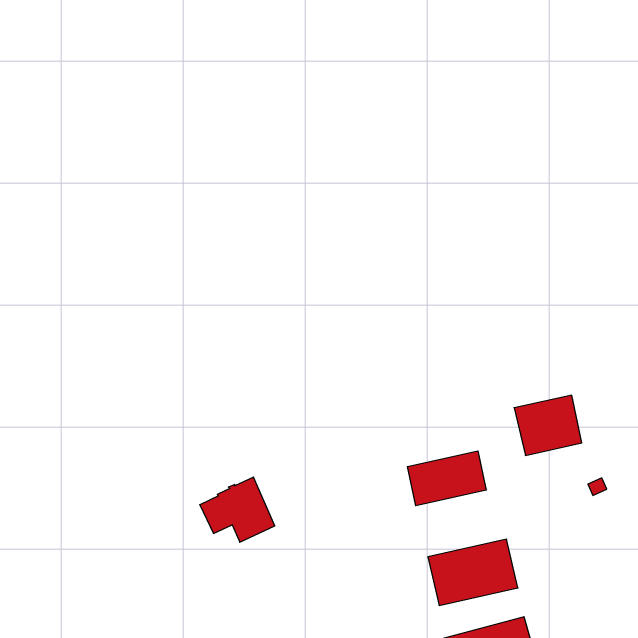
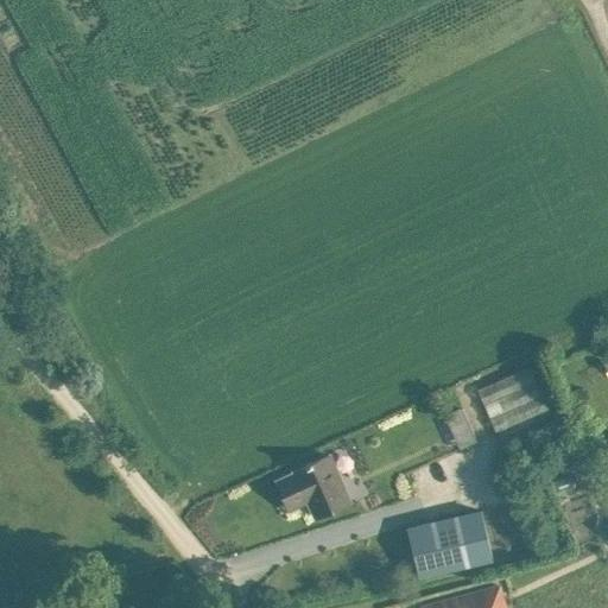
building: [407,451,486,506] -> none
building: [200,477,275,542] -> [277,456,348,518]

